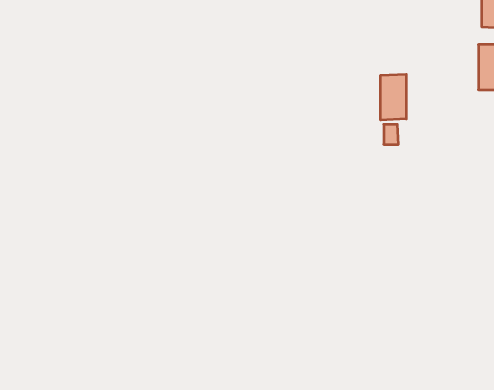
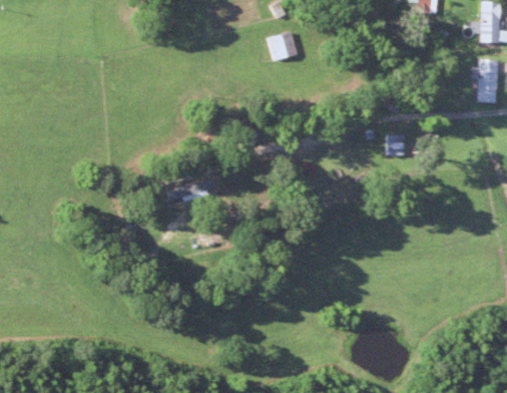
building: none -> [268,31,298,61]
building: [381,74,406,120] -> none

